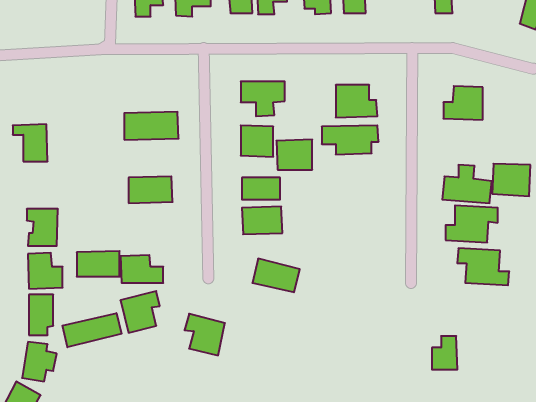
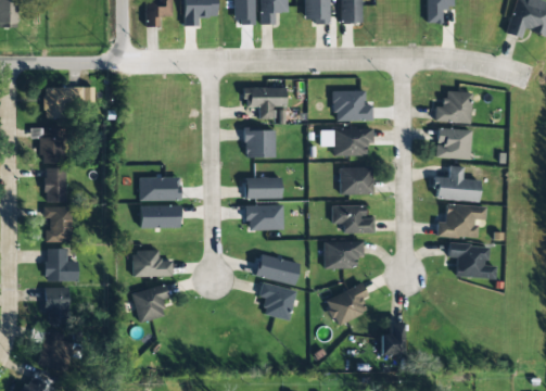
building: [124,112,179,140] -> [45,86,96,112]
building: [276,140,312,170] -> [340,166,373,194]
building: [492,164,530,196] -> [436,128,472,159]
building: none -> [46,167,67,202]
building: none -> [332,204,374,234]
building: none -> [325,240,364,268]
building: [77,251,120,277] -> [141,204,181,228]
building: none -> [326,282,370,326]
building: [62,313,122,347] -> none
building: [184,314,225,355] -> [258,281,296,320]
building: [432,336,457,370] -> [381,323,405,354]

